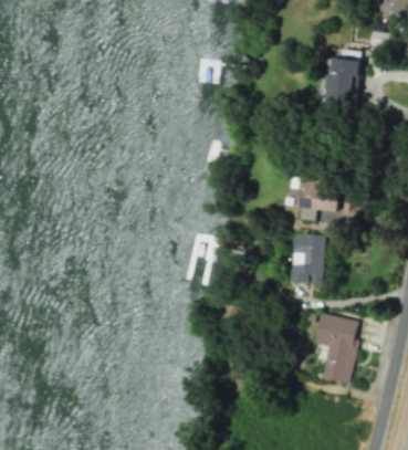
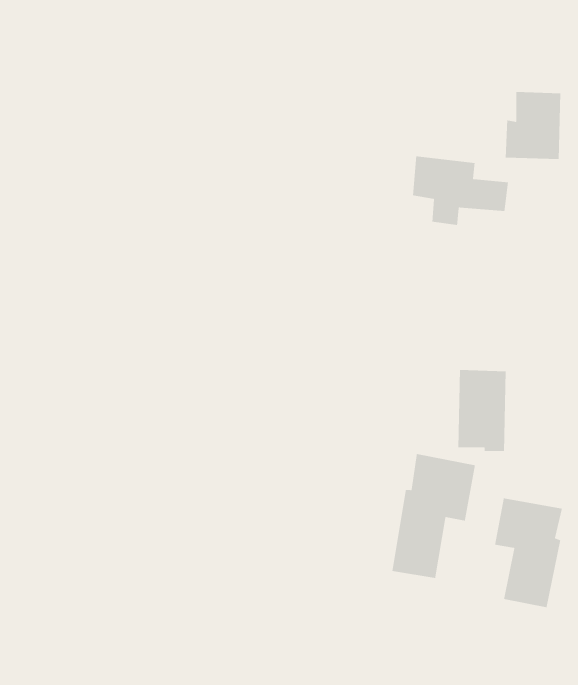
building: [286,177,347,221] -> [412,155,509,226]
building: none -> [391,453,476,579]

